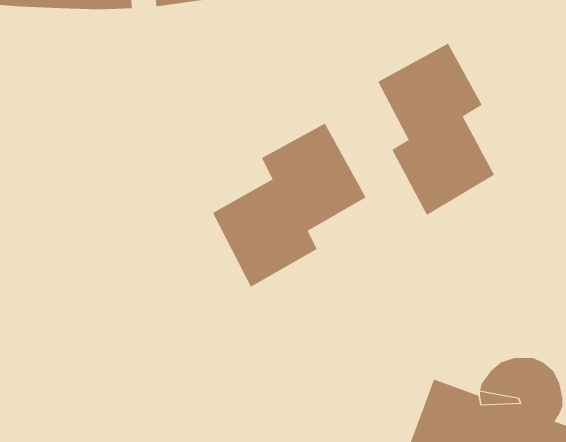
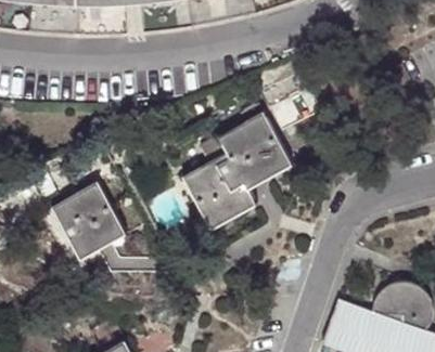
building: [378,43,495,216] -> none
building: none -> [51,181,128,261]

